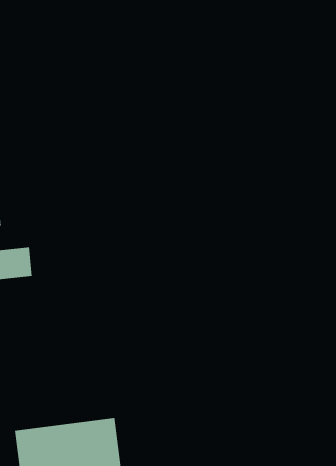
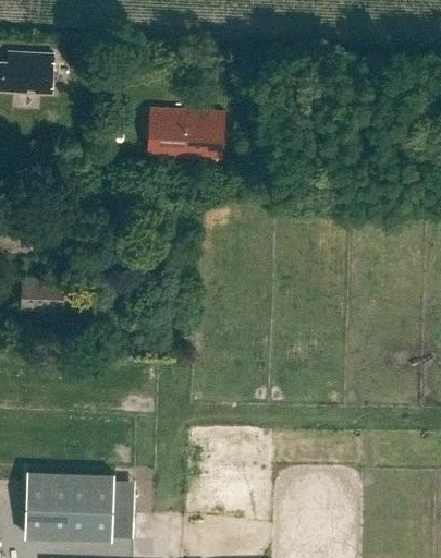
building: none -> [147,110,226,163]

